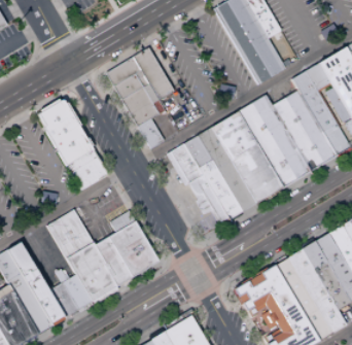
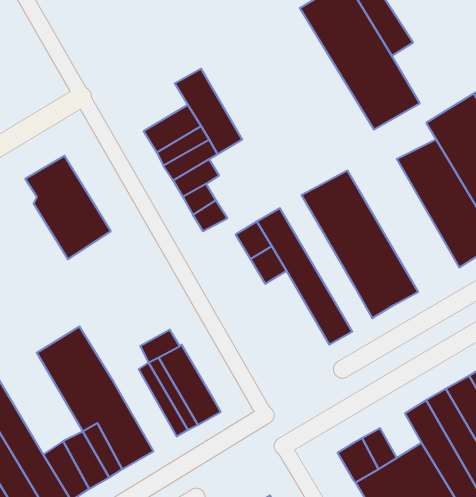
building: [105,57,141,87] -> none
building: [240,94,311,187] -> none
building: [199,127,256,212] -> none
building: [66,149,109,192] -> none
building: [189,174,230,225] -> none
building: [95,236,134,287] -> none
building: [261,264,287,291] -> none

